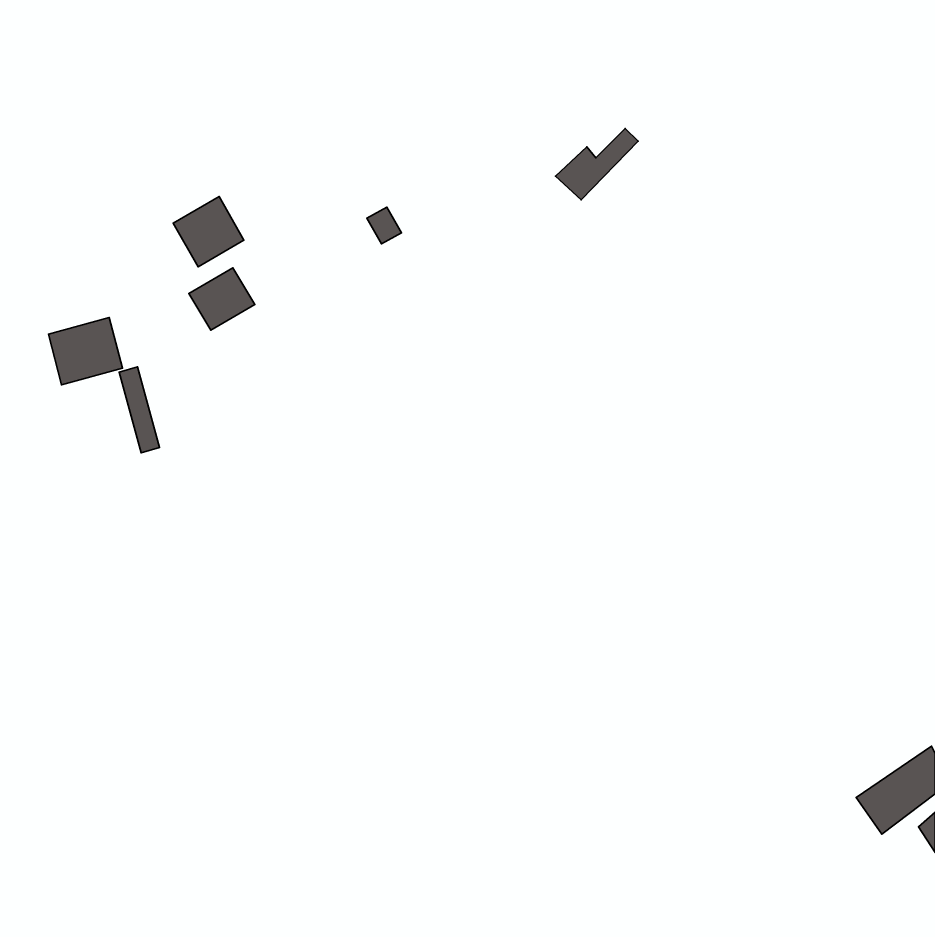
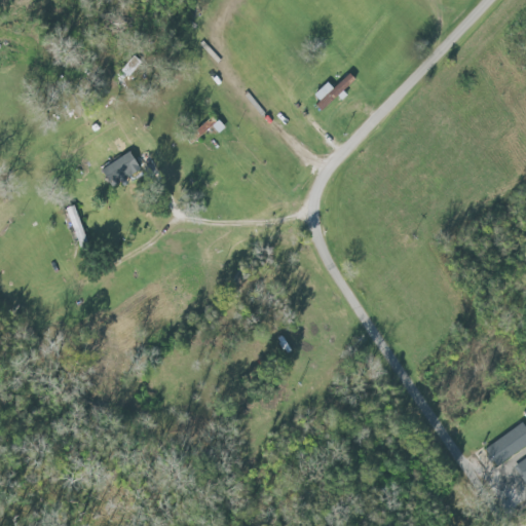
building: [173,196,244,267] -> none
building: [48,317,122,385] -> none

